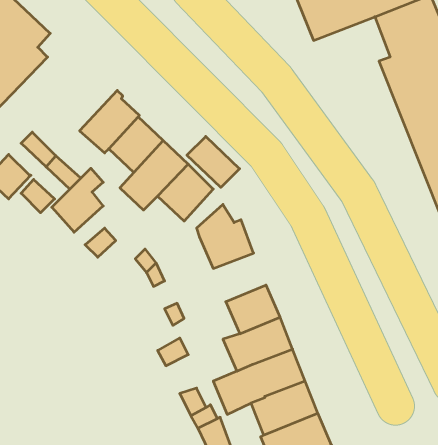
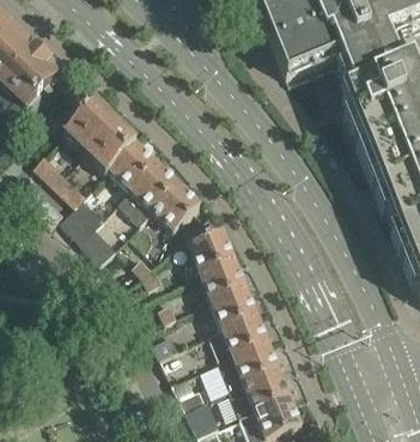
building: none -> [65,101,117,153]
building: [187,136,240,187] -> none
building: none -> [200,259,245,301]

